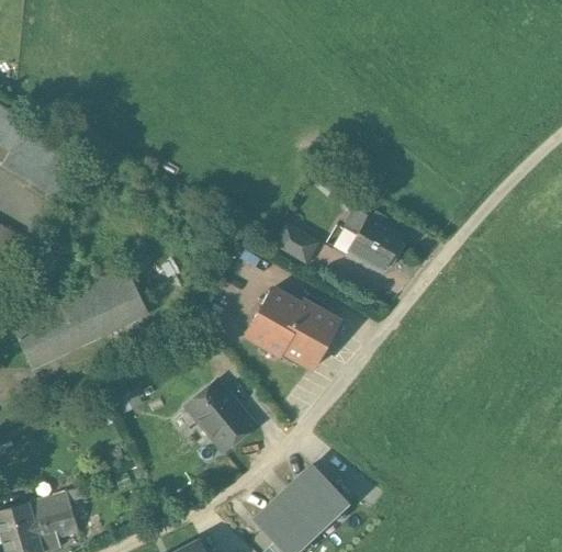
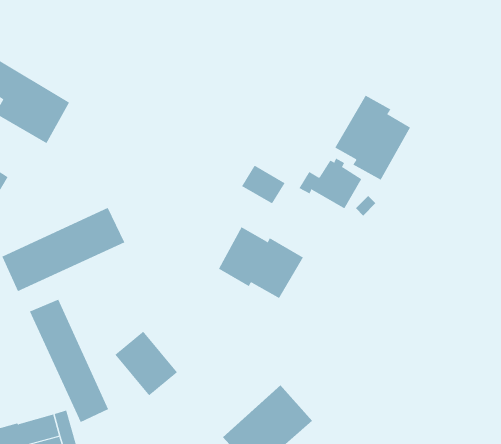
building: none -> [334,95,411,180]
building: none -> [29,299,109,423]
building: [186,381,255,452] -> [114,331,178,396]

